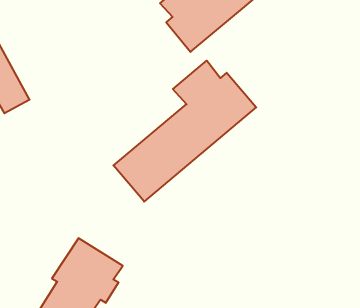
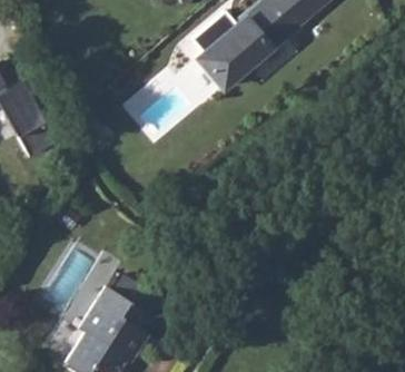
building: [113,61,256,202] -> none

